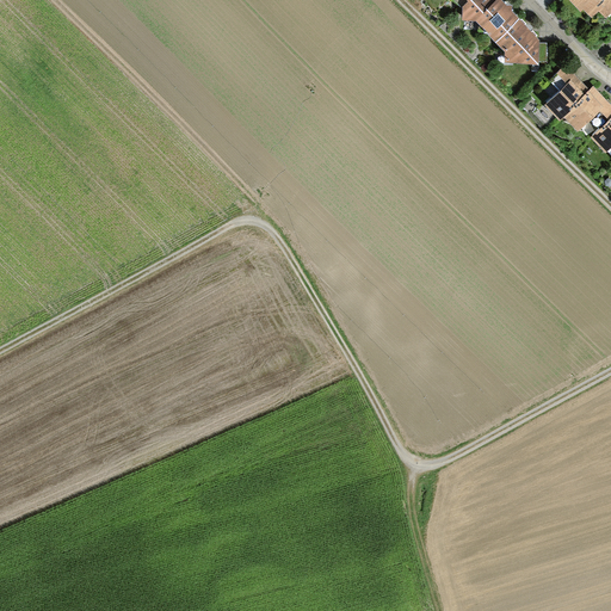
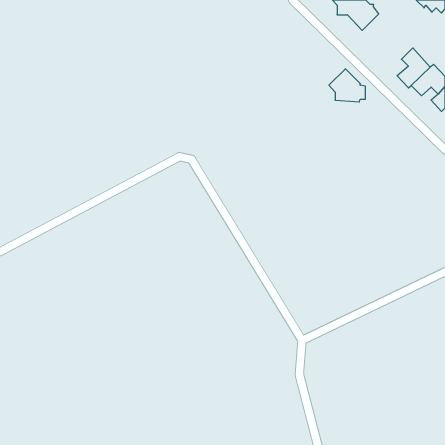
building: [496,19,547,64] -> [329,69,365,102]

